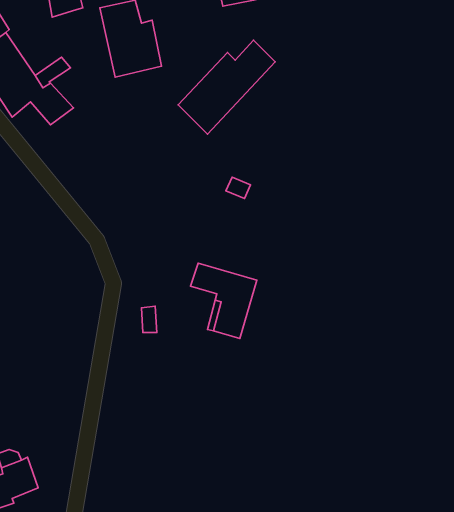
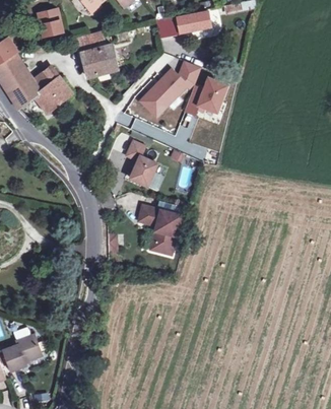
building: none -> [177,76,222,117]
building: none -> [46,77,74,104]
building: none -> [131,140,160,185]

